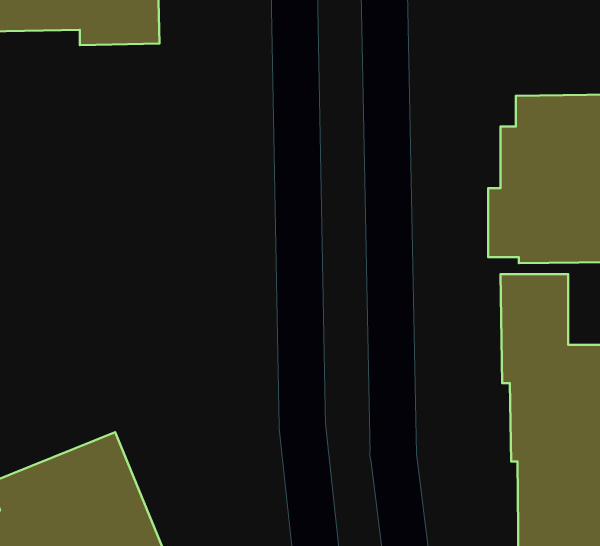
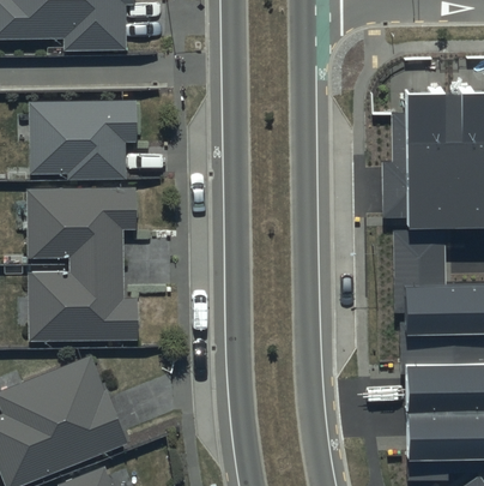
building: none -> [29,101,138,179]
building: none -> [26,188,138,342]

